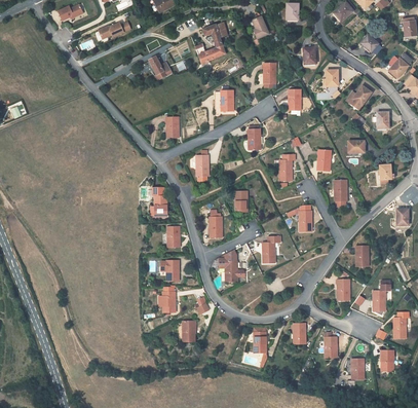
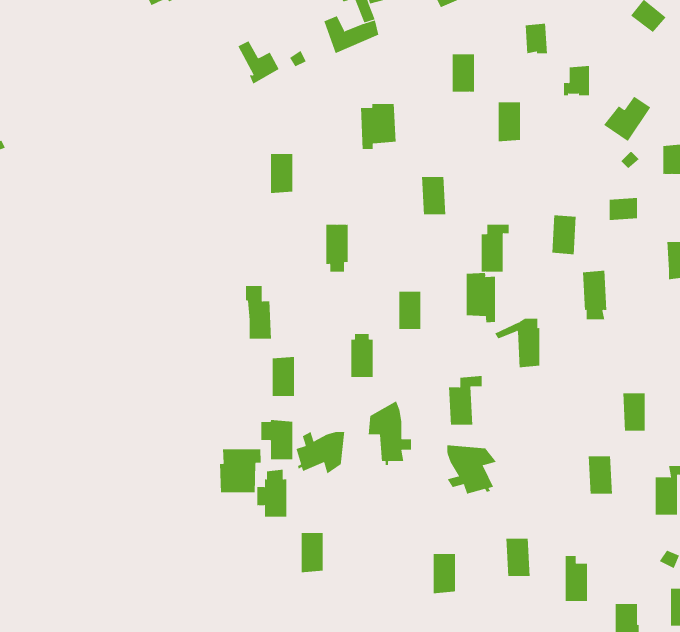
building: none -> [466,272,495,323]
building: none -> [296,431,345,475]
building: none -> [447,444,497,494]
building: none -> [220,449,261,493]

